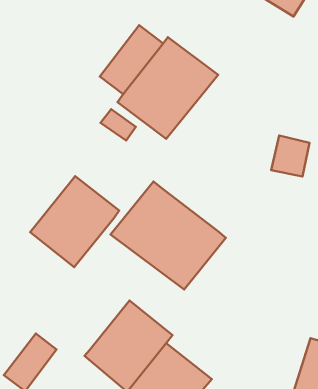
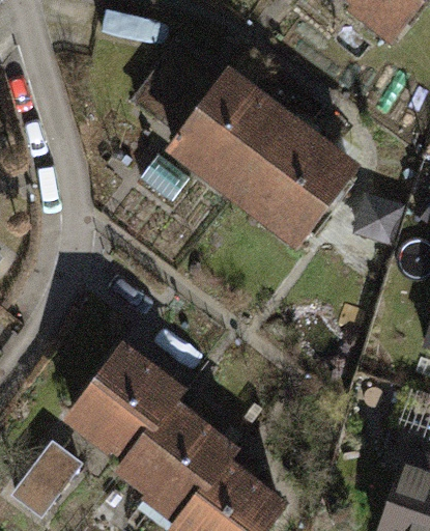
building: none -> [222,110,354,245]
building: [30,176,119,267] -> [65,348,180,467]
building: [110,182,226,290] -> none

